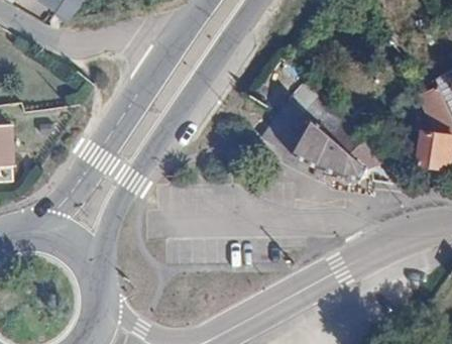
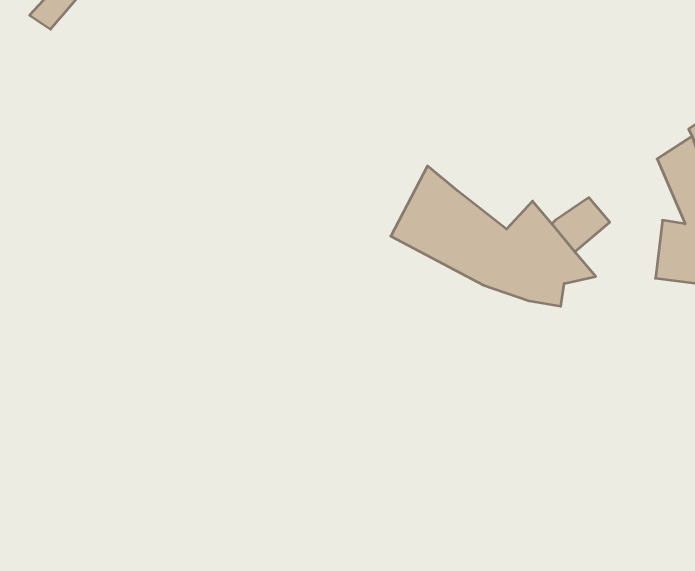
building: [302,92,345,135] -> none

